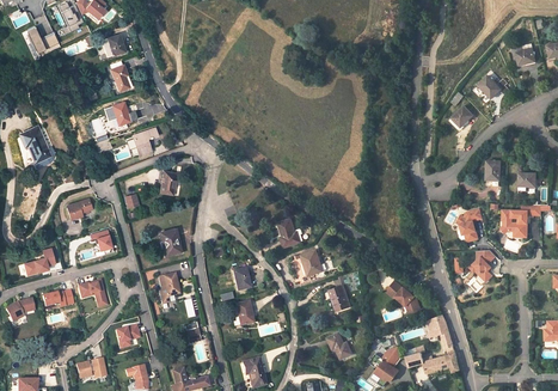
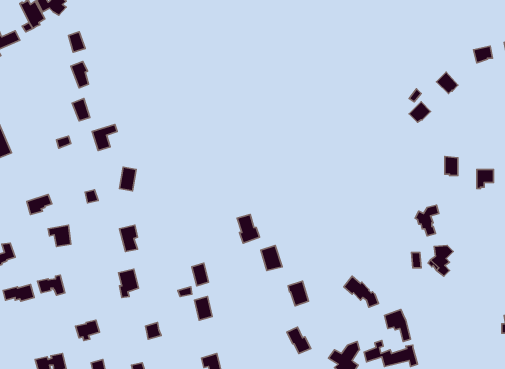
building: [503,204,541,233] -> none

